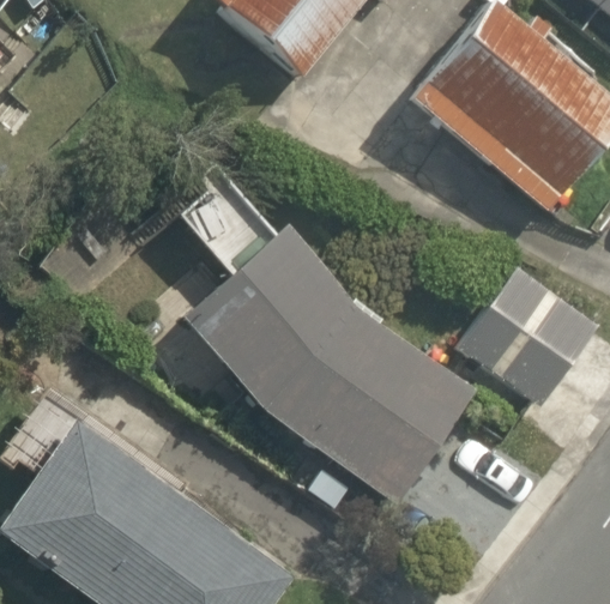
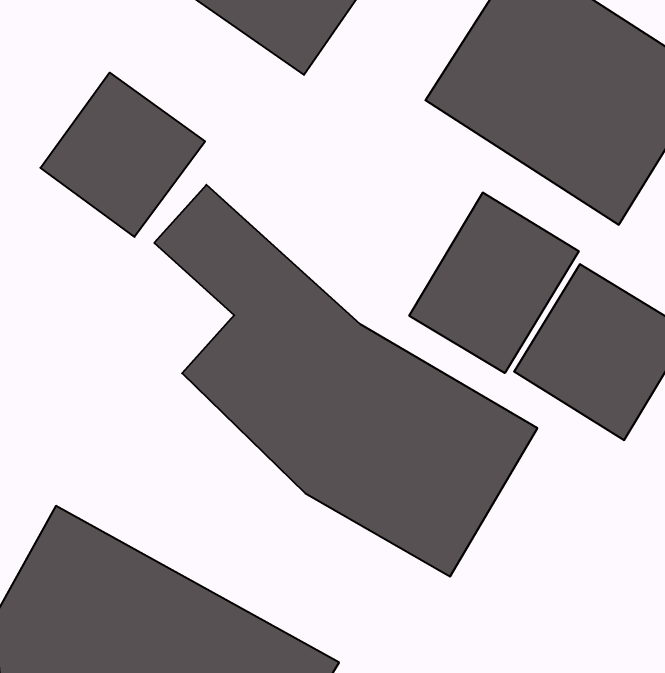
building: none -> [40,73,205,237]
building: none -> [409,192,579,373]

